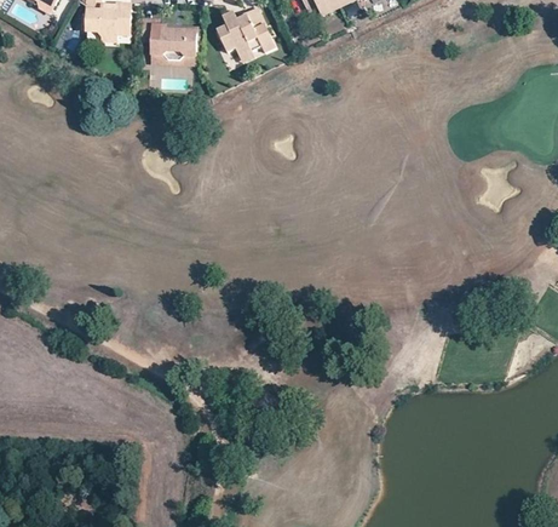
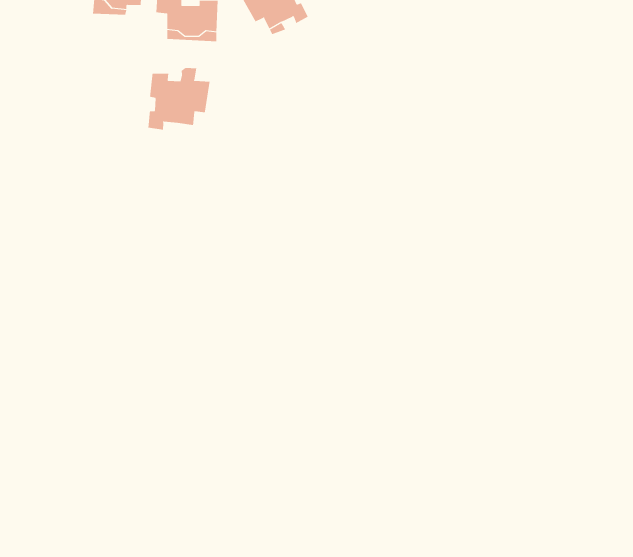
building: none -> [148,67,210,130]

